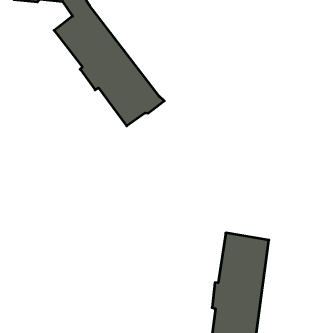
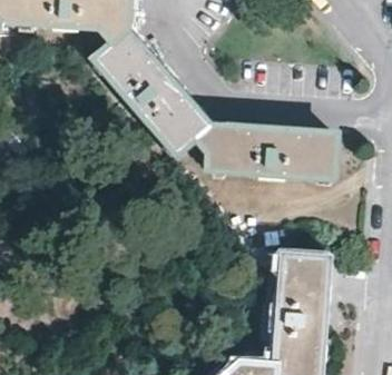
building: none -> [194,122,334,177]

